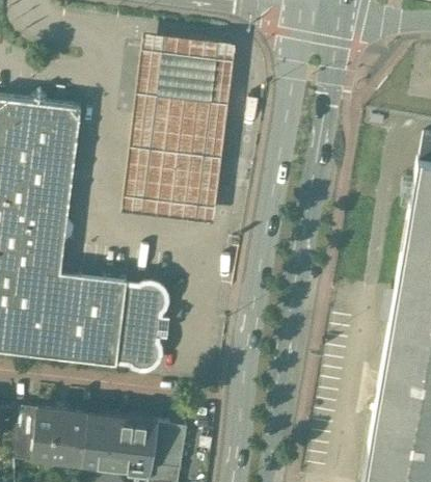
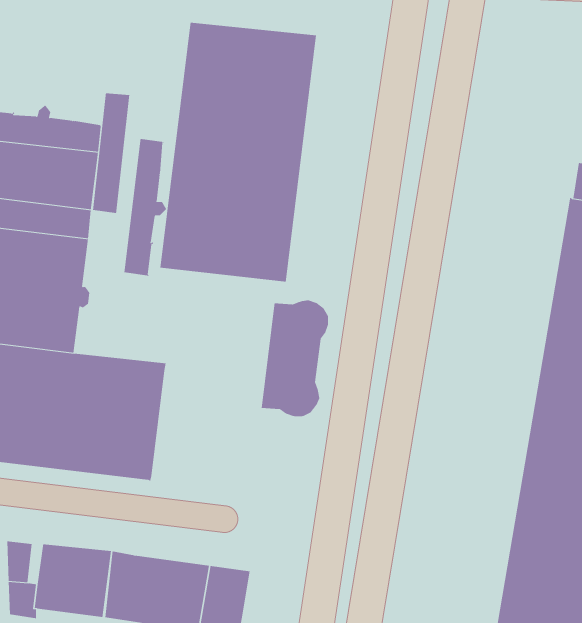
building: none -> [92,93,130,214]
building: none -> [124,138,167,276]
building: [117,284,166,368] -> [261,300,329,417]

